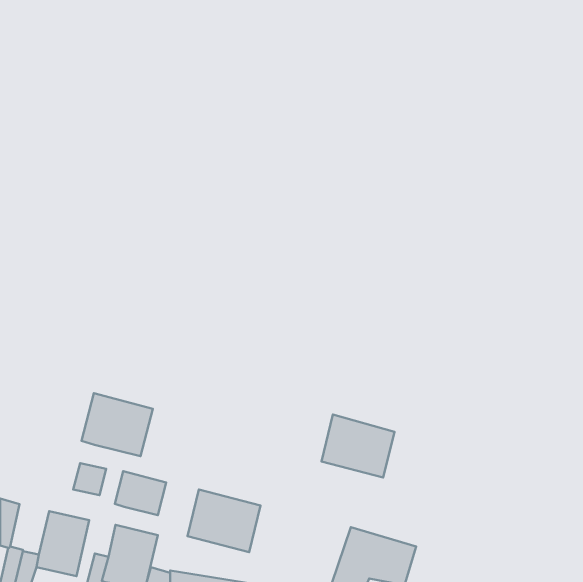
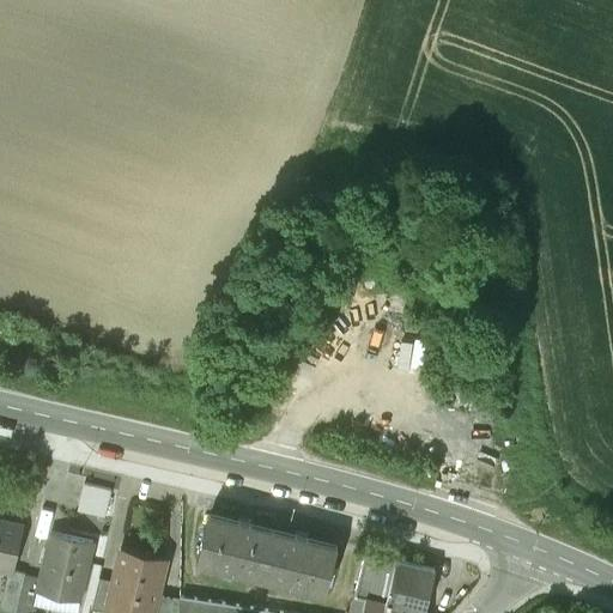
building: [82,393,153,456] -> none
building: [321,415,395,478] -> [262,532,339,597]
building: [115,471,166,515] -> none

